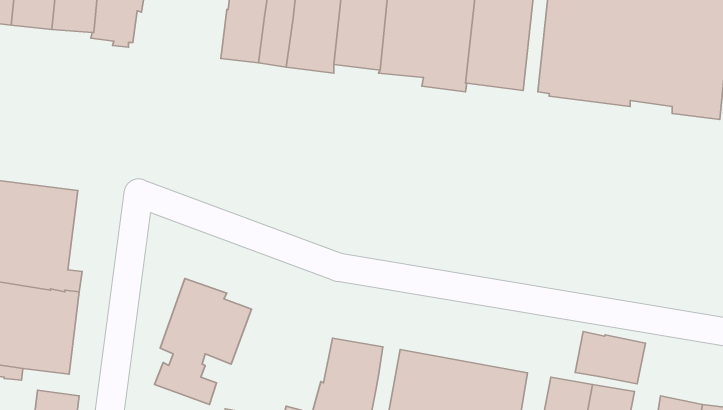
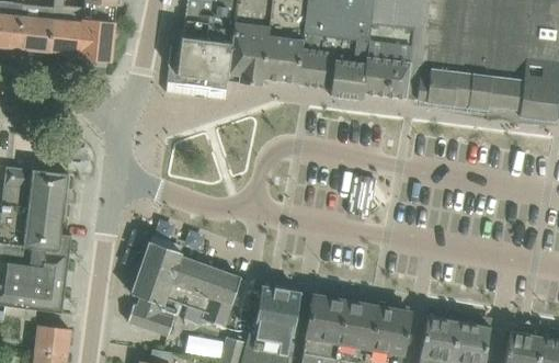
building: none -> [184,264,253,336]
building: [575,332,645,384] -> none

